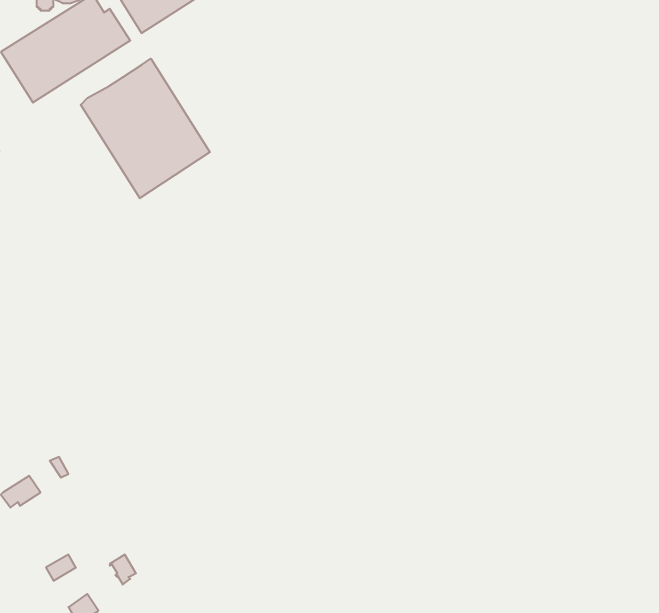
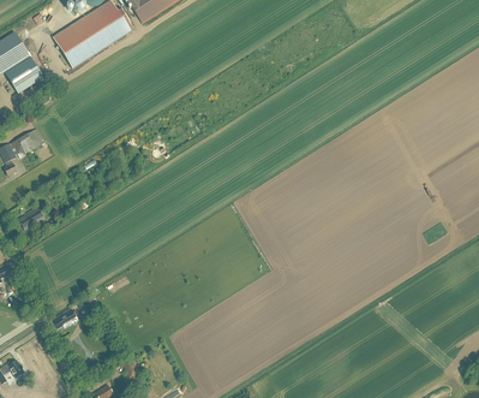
building: [81,59,210,198] -> none

